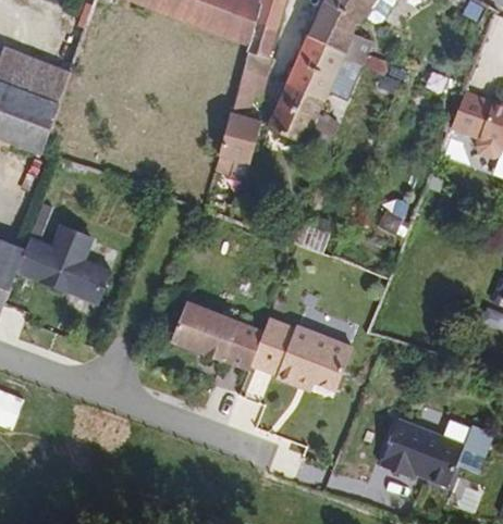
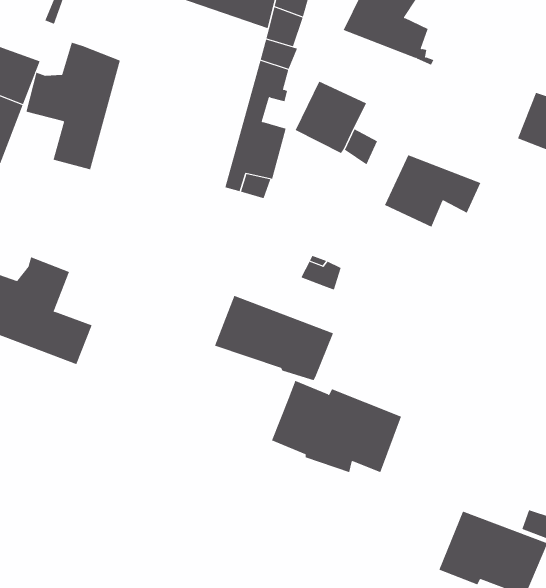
building: [286,46,361,102] -> [384,155,481,228]
building: none -> [26,42,121,170]
building: [170,301,262,367] -> [214,295,334,381]

